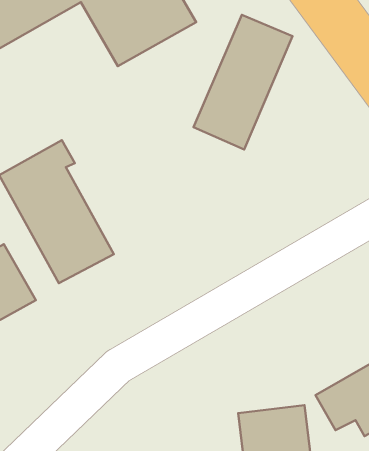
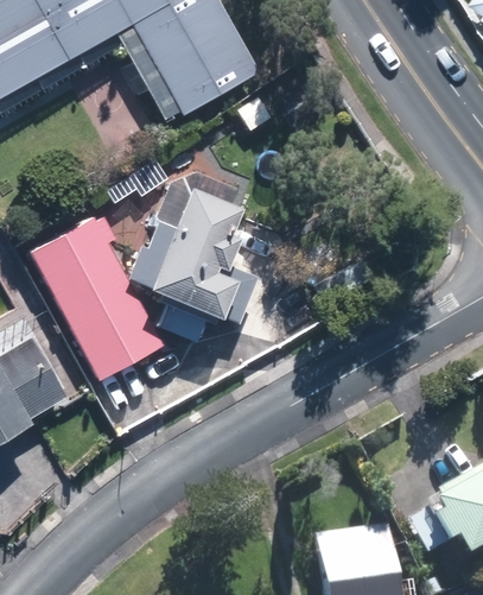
building: [194,15,292,150] -> none
building: none -> [138,169,259,344]

